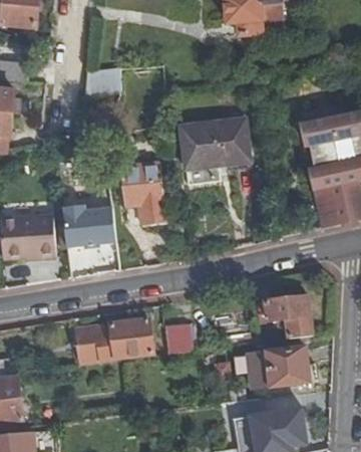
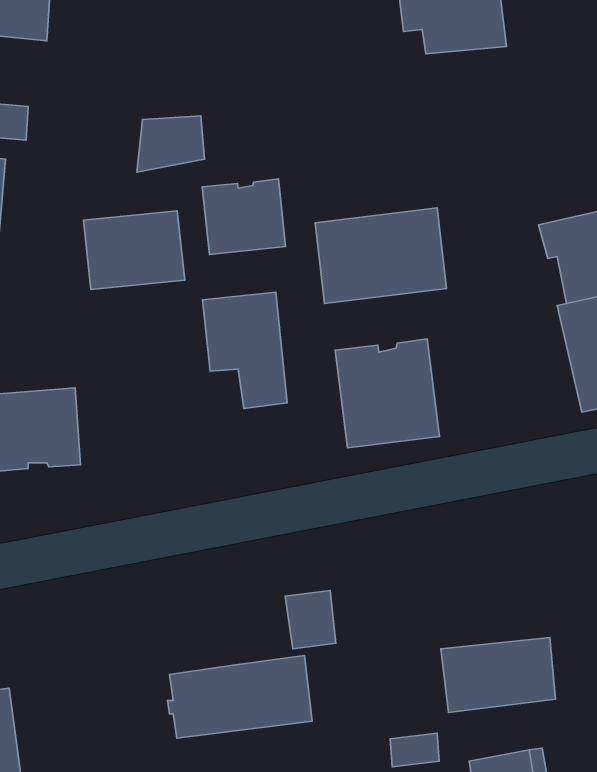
building: none -> [202,179,286,254]
building: none -> [335,339,439,448]
building: [59,204,113,246] -> [83,211,185,289]
building: [265,295,312,338] -> none
building: [74,317,151,362] -> [168,656,312,738]

